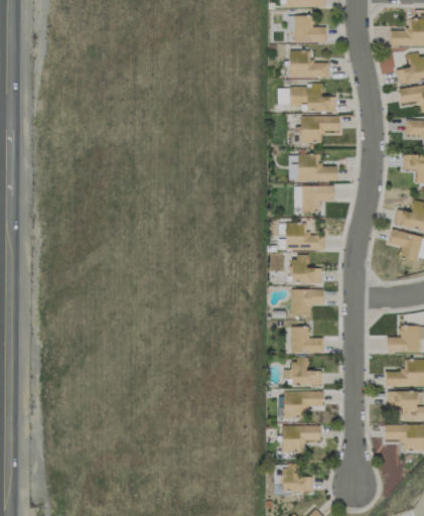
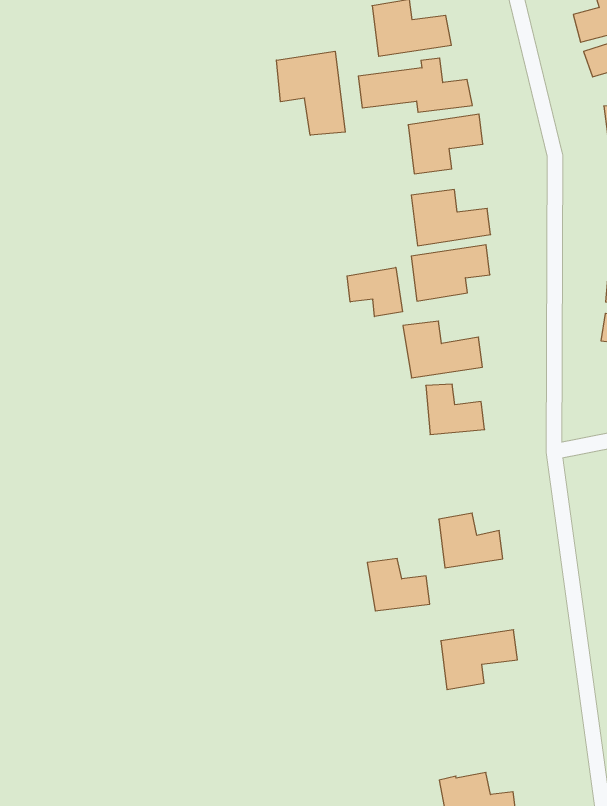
building: none -> [276,51,345,135]
building: none -> [347,267,402,317]
building: [291,290,323,316] -> none
building: [291,361,321,387] -> [367,559,430,611]
building: [282,426,320,454] -> none

